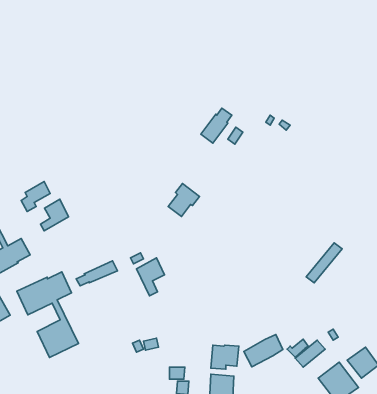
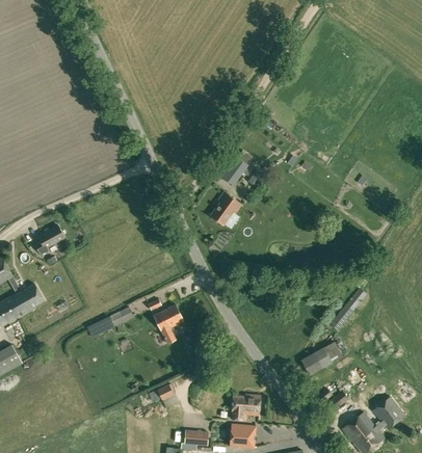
building: [168,183,199,216] -> [209,191,241,225]
building: [40,199,69,231] -> none
building: [17,272,78,357] -> none
building: [244,335,283,367] -> [300,342,341,375]

